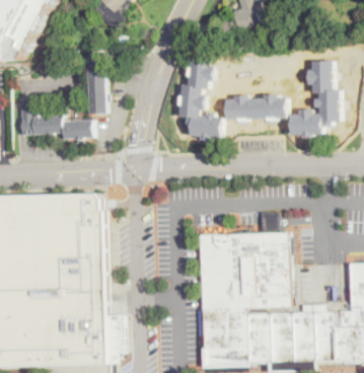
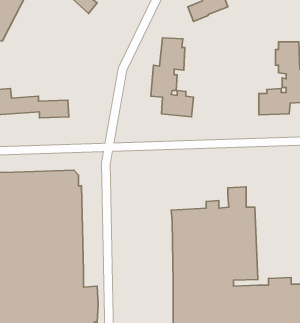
building: [85,54,106,115] -> none
building: [225,94,288,119] -> none

